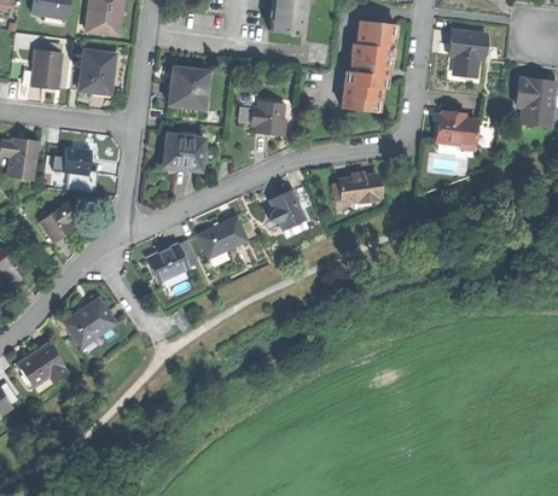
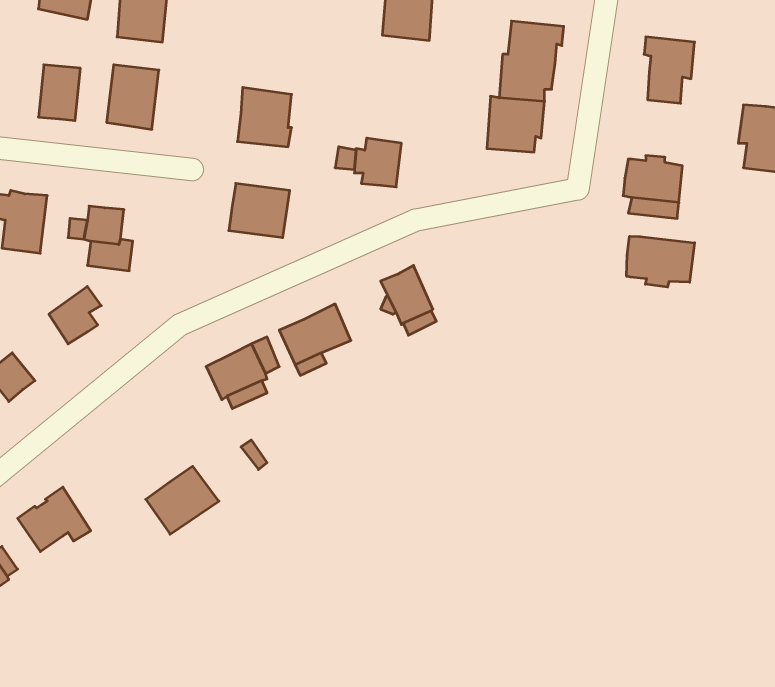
building: none -> [627,236,695,287]
building: [339,175,380,202] -> none
building: [64,298,115,345] -> [146,466,219,534]

